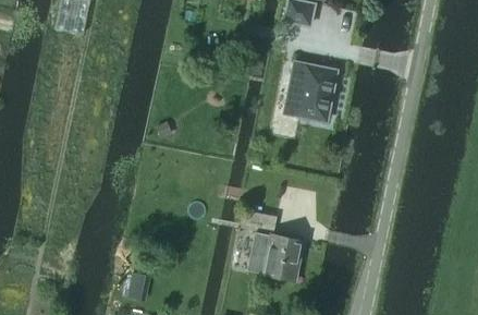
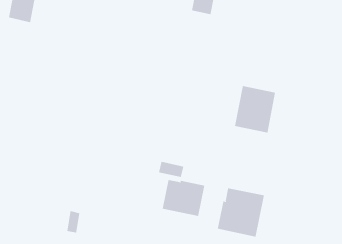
building: [284,61,336,121] -> [234,86,276,133]
building: none -> [217,187,265,238]

